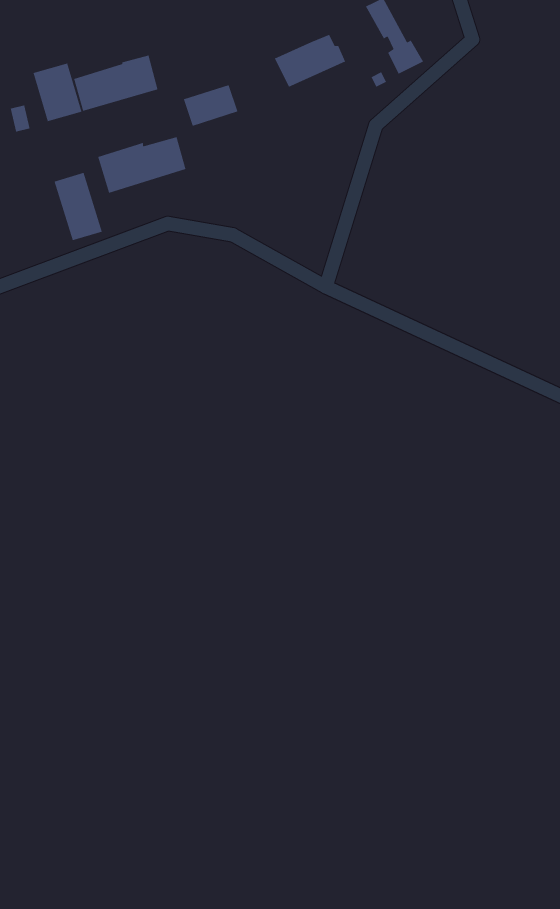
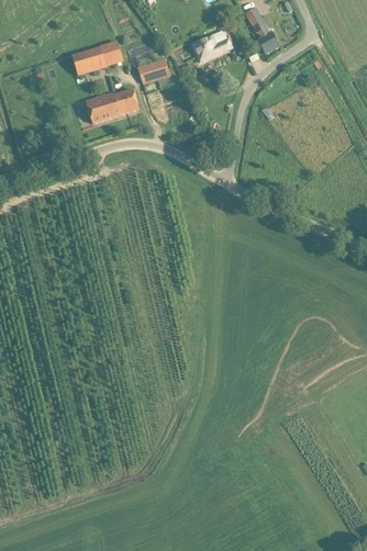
building: [33,63,82,122] -> none
building: [53,172,103,241] -> none

